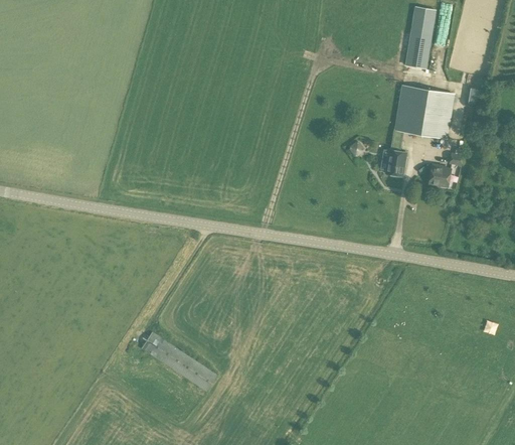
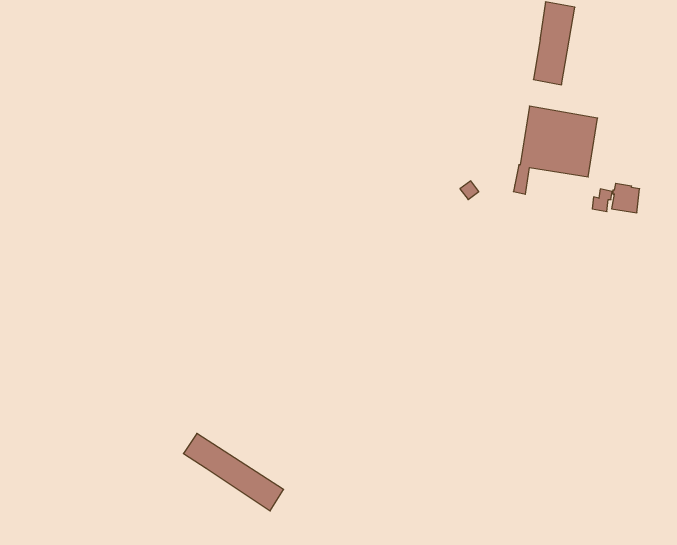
building: [384,149,405,176] -> none
building: [427,164,449,186] -> [612,183,640,213]

